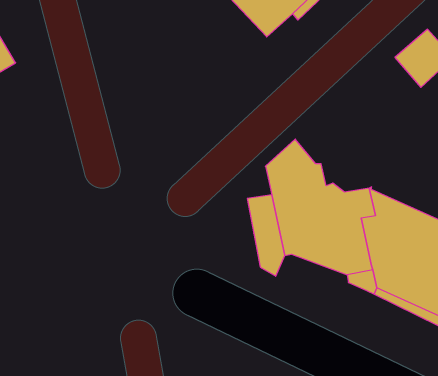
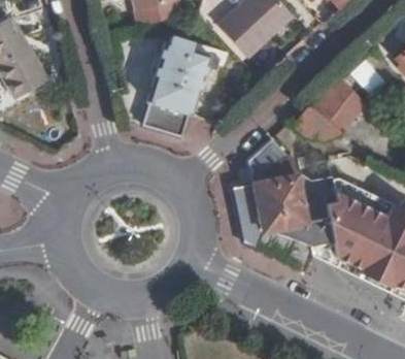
building: none -> [145,33,216,135]
building: none -> [292,78,365,142]

